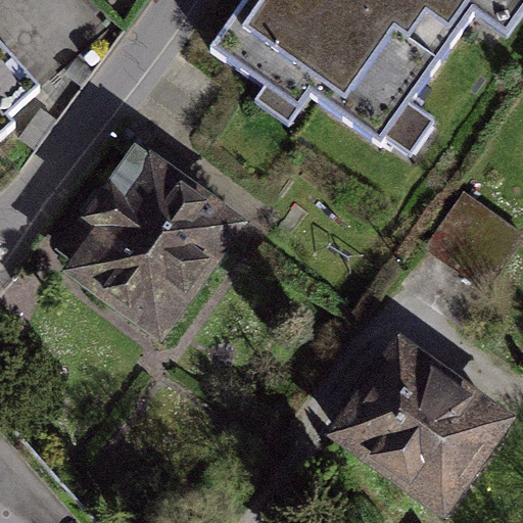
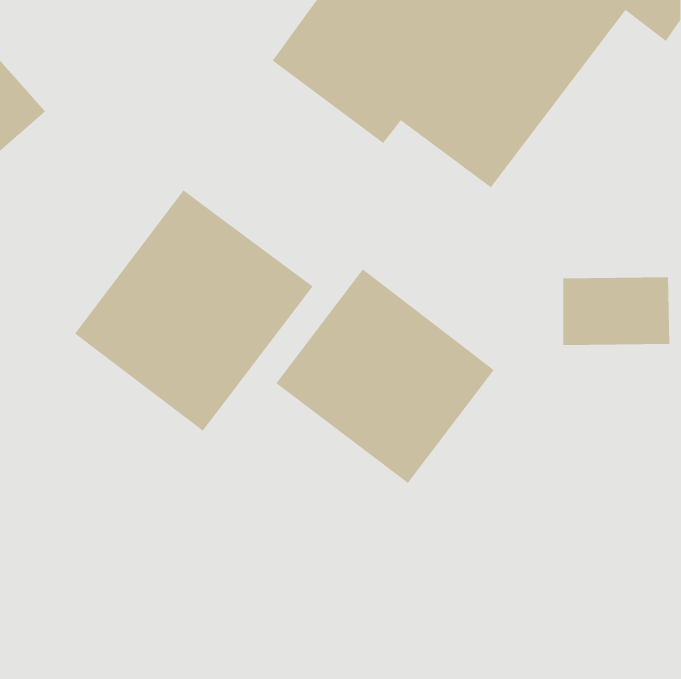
building: none -> [275,268,495,484]
building: [335,338,509,505] -> none

